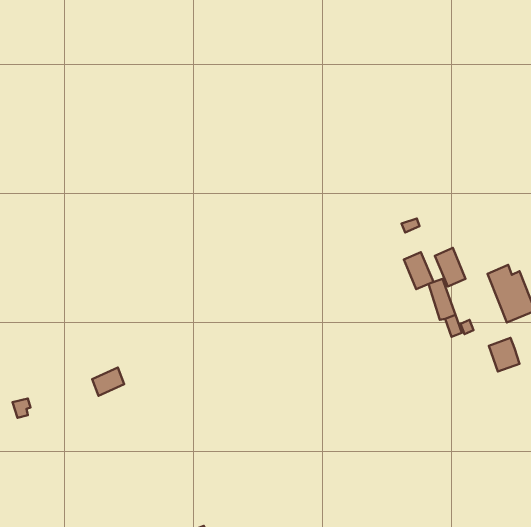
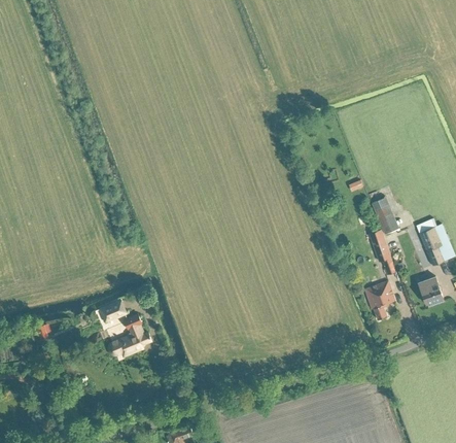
building: [404,252,433,289] -> none
building: none -> [364,280,394,318]
building: none -> [106,311,150,355]

